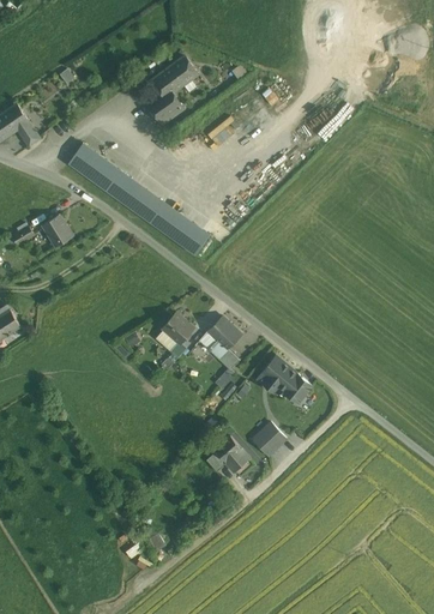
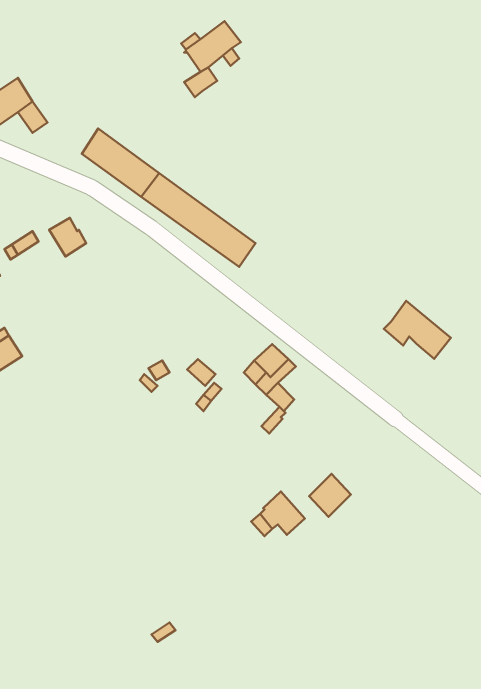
building: [161,312,193,343] -> none
building: [257,355,311,402] -> [384,301,451,359]

